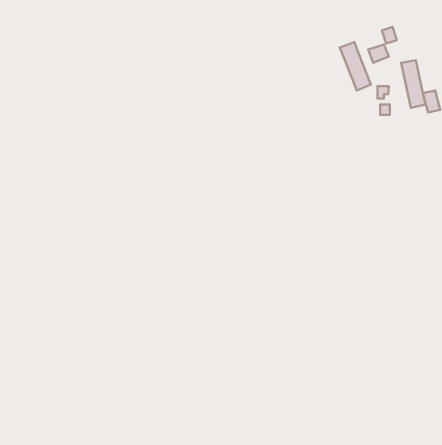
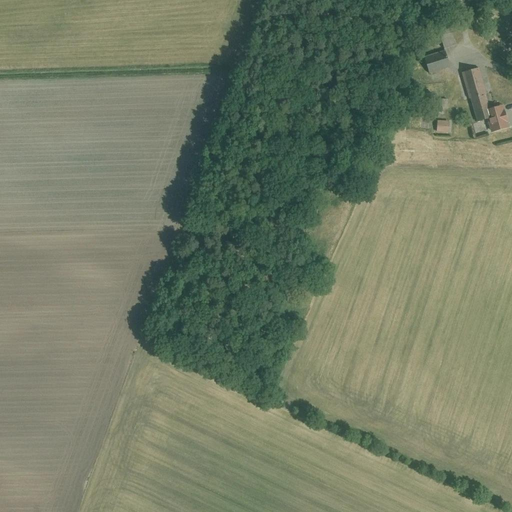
building: [340,42,371,91] -> none

